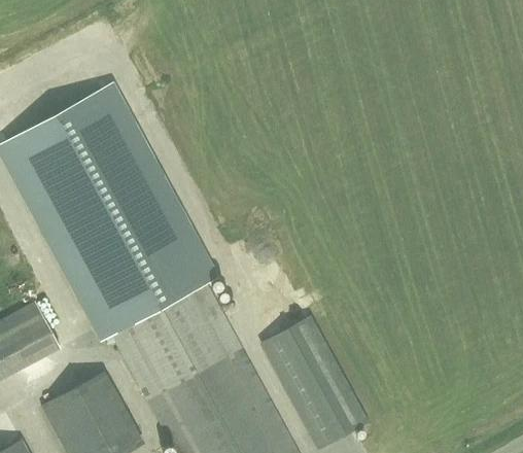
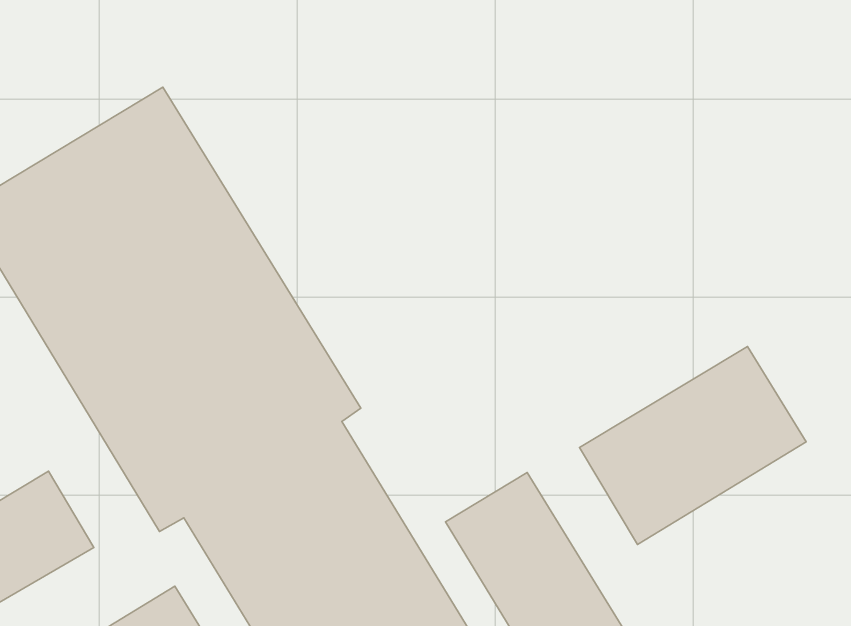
building: none -> [579,346,806,545]

